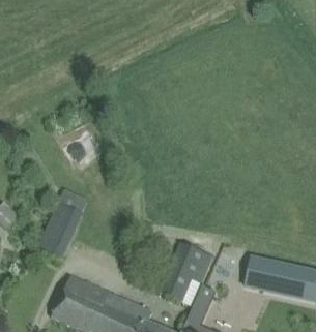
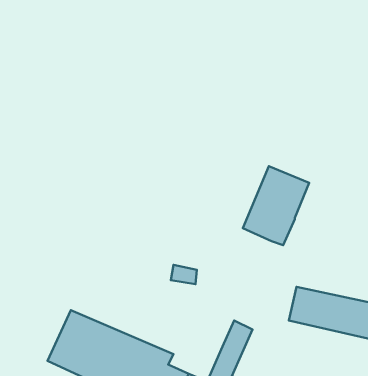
building: [39,203,83,259] -> none
building: [161,242,213,305] -> [243,166,309,245]

